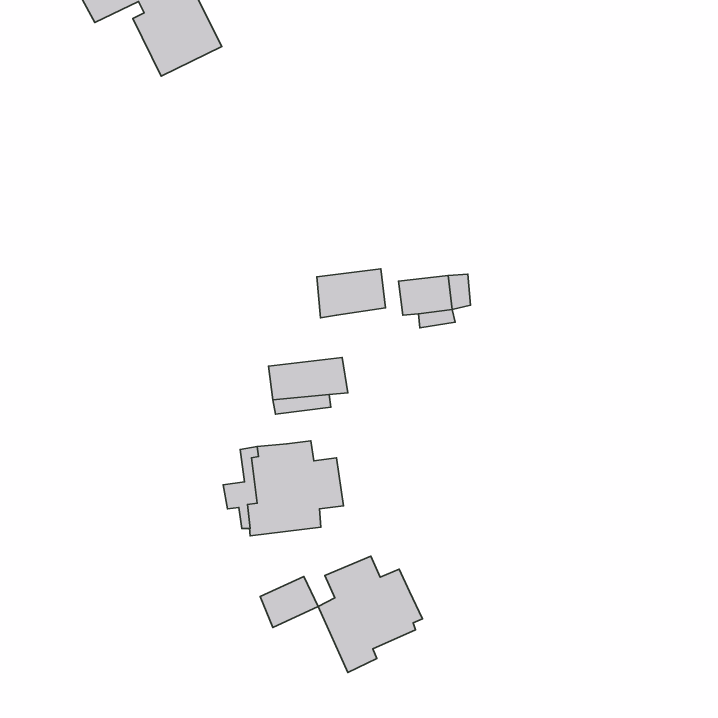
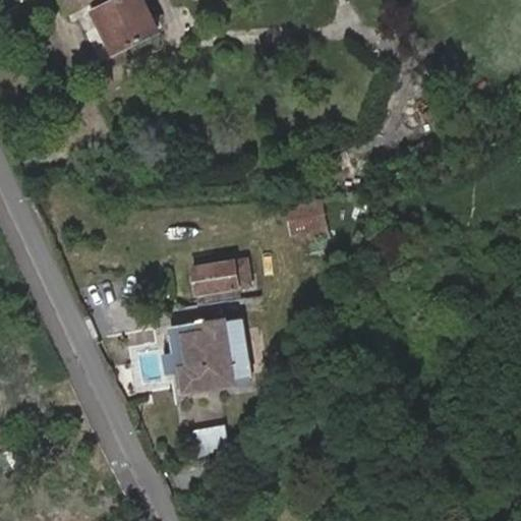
building: [317,269,385,318] -> none
building: [318,556,423,672] -> none

